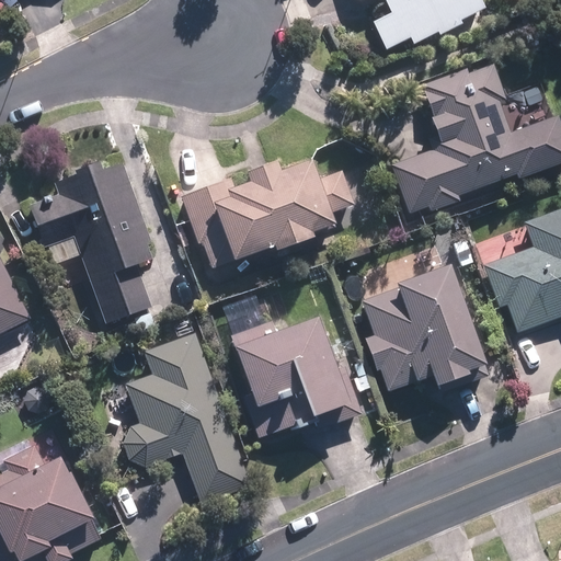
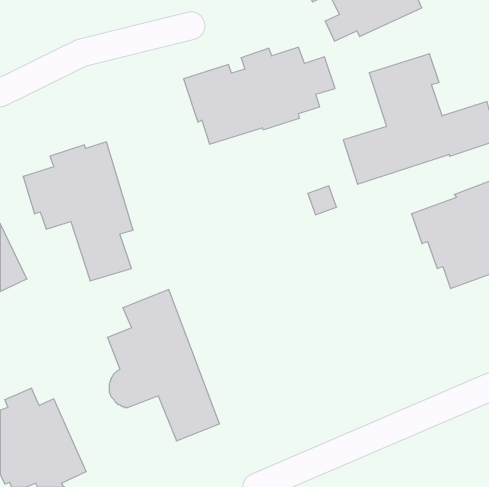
building: [181,159,354,270] -> [184,47,335,144]
building: [360,265,484,393] -> none
building: [229,317,363,437] -> none

